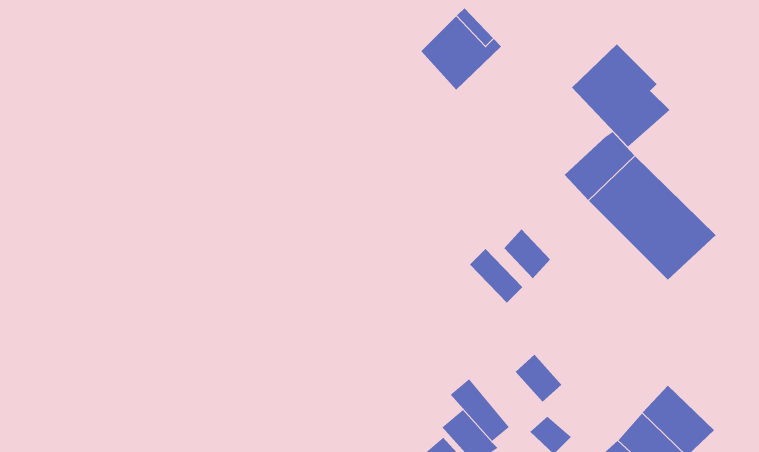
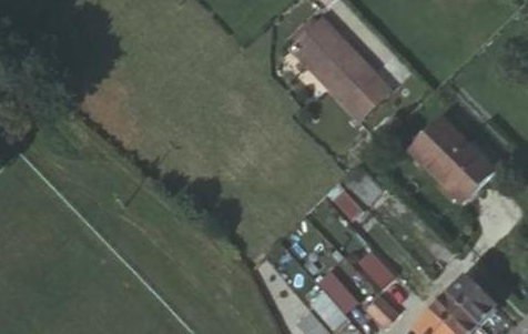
building: [571,44,670,148] -> [319,45,387,117]

